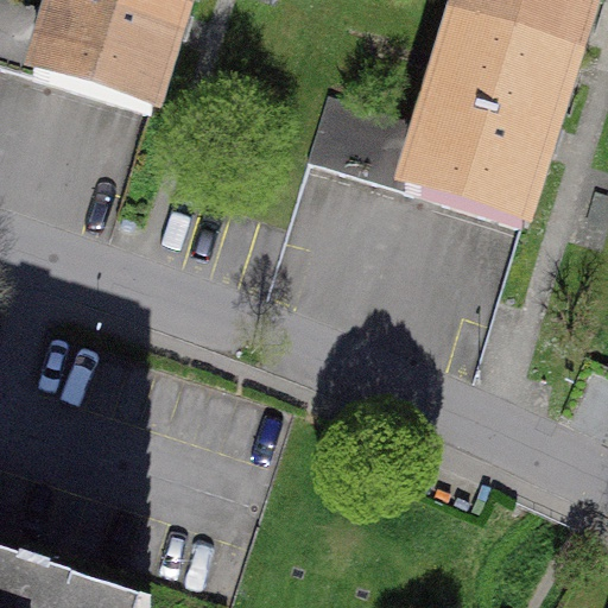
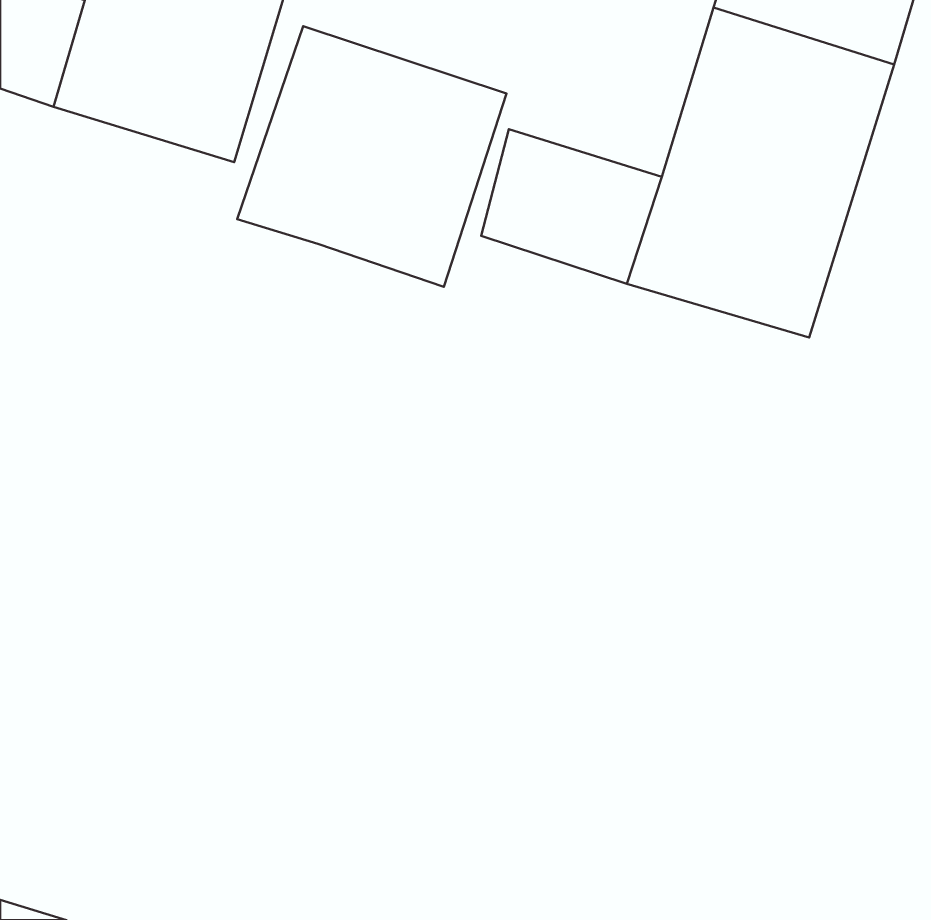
building: none -> [237,26,507,287]

